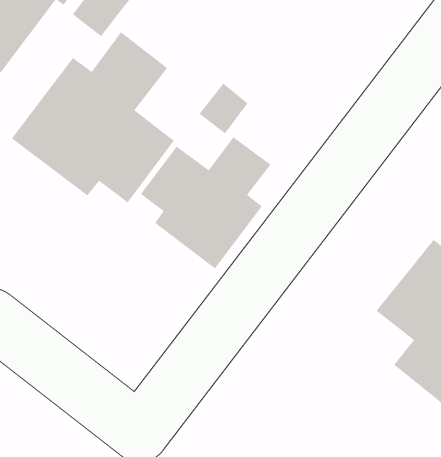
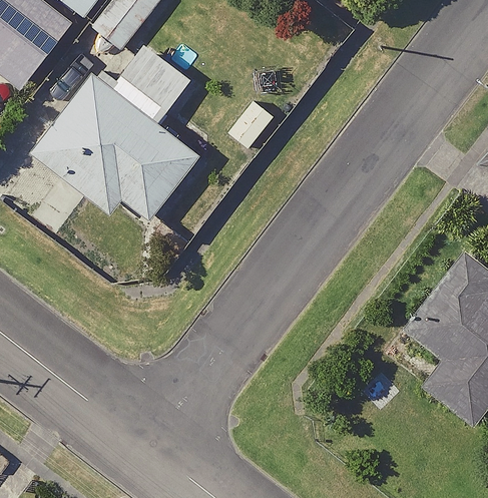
building: [140,136,271,270] -> none

